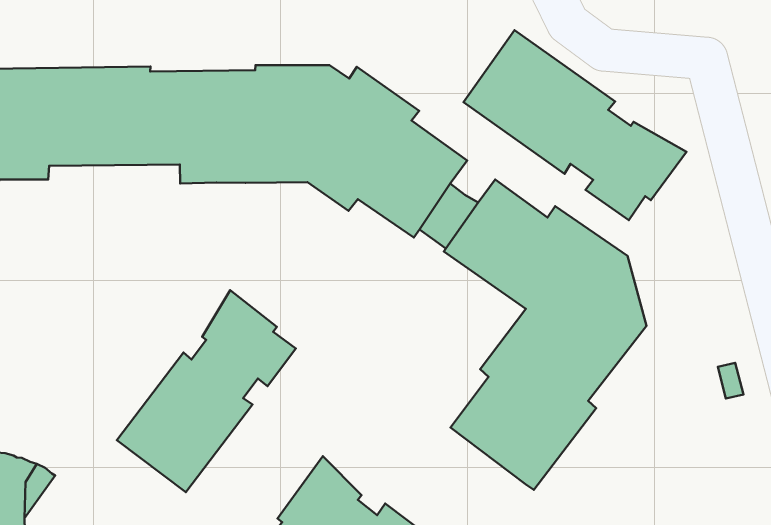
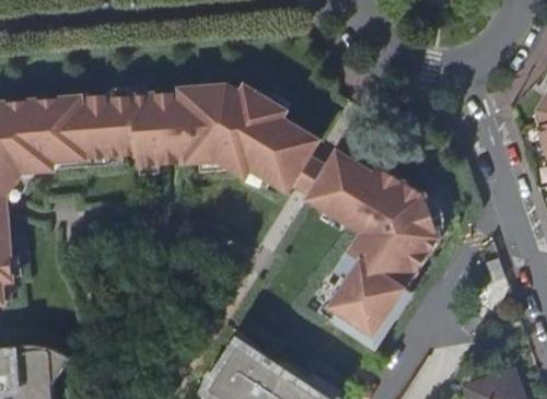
building: [464,30,687,220] -> none
building: [117,290,296,492] -> none

